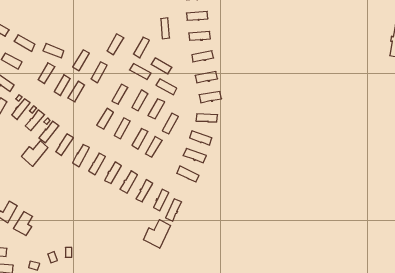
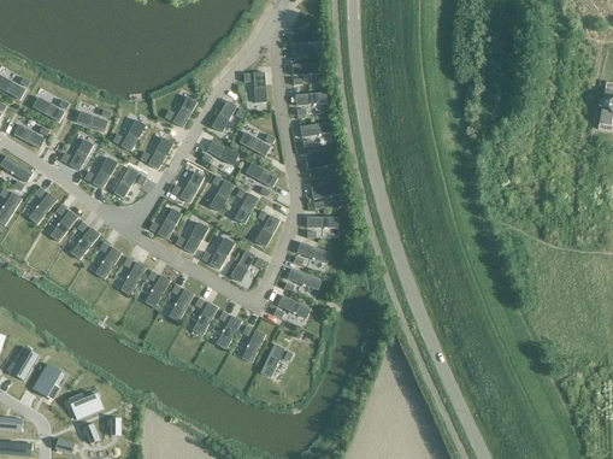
building: [22,141,48,166] -> none
building: [144,220,170,248] -> none
building: none -> [65,392,100,418]

